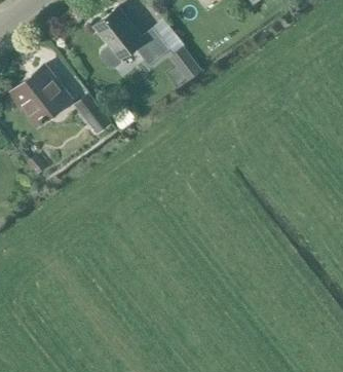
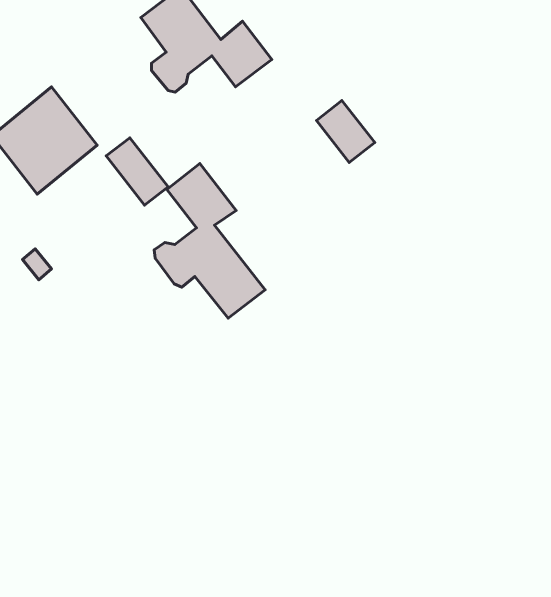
building: [168,46,201,81] -> [316,101,375,162]
building: none -> [154,164,265,318]

